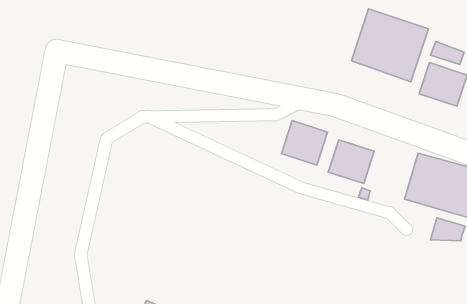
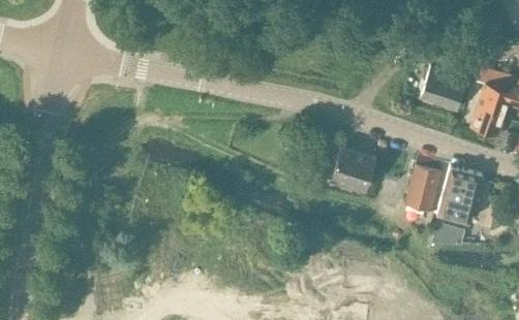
building: [351,9,428,82] -> none
building: [281,121,328,165] -> none

